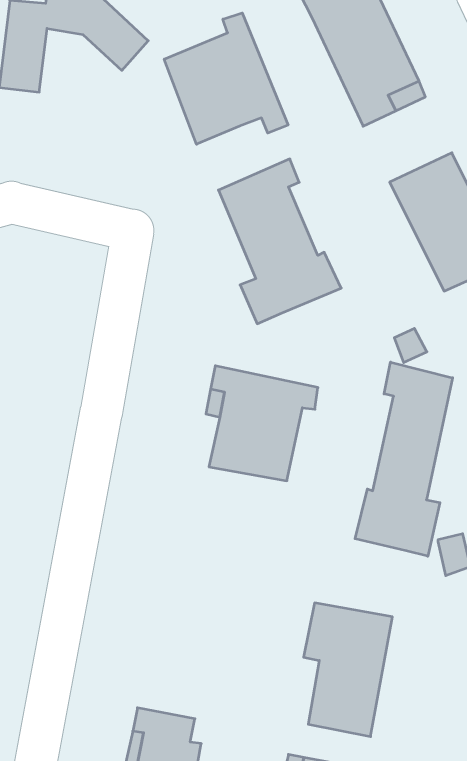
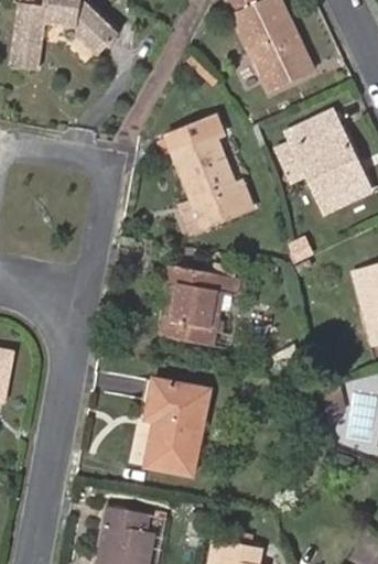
building: [164,13,288,144] -> none
building: [355,362,453,556] -> none
building: [304,603,392,737] -> [144,379,207,474]

